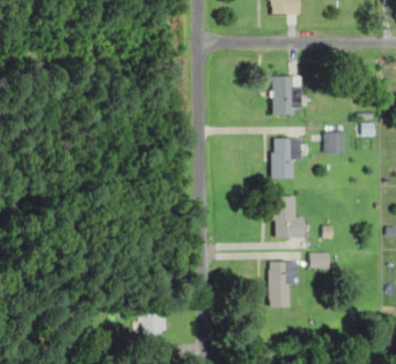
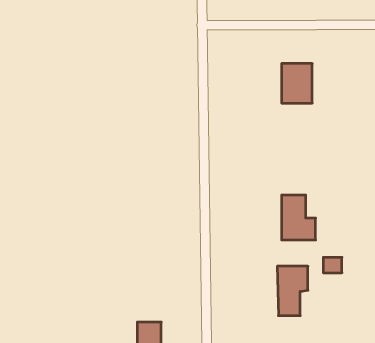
building: [325,132,344,153] -> none
building: [272,138,301,177] -> none

